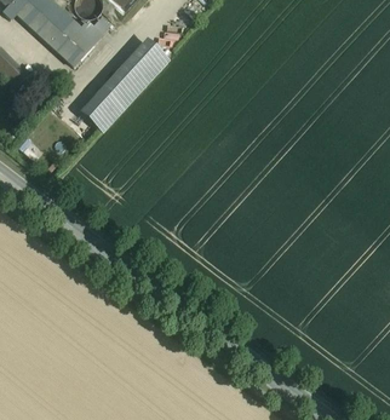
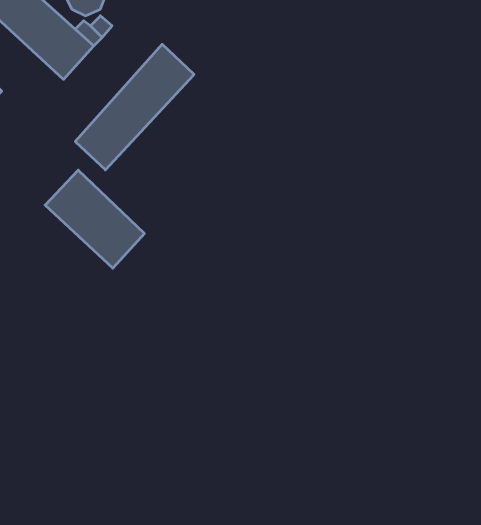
building: none -> [45,170,144,268]

